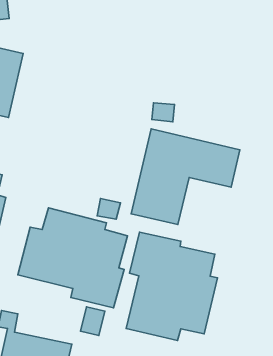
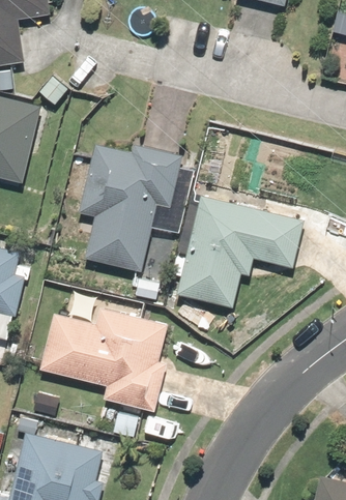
building: none -> [57,143,185,282]
building: [126,232,217,340] -> none

